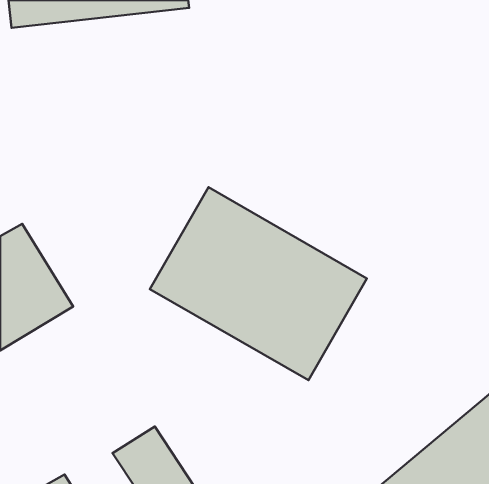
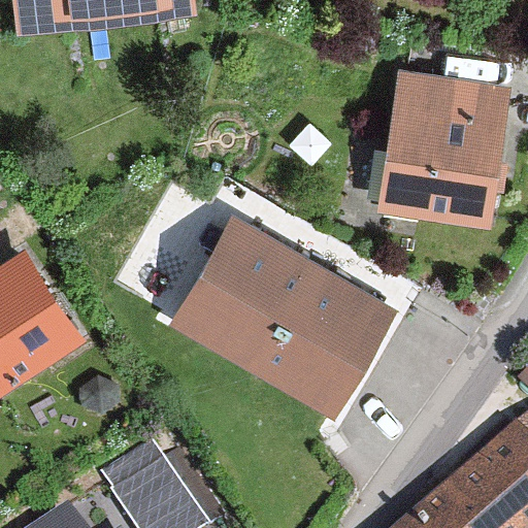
building: none -> [372,69,510,232]

